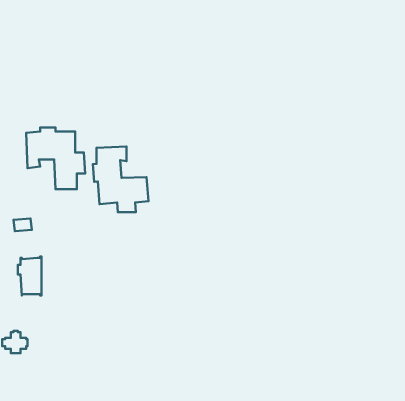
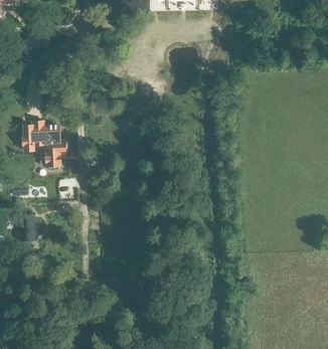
building: [93,146,148,212] -> none

